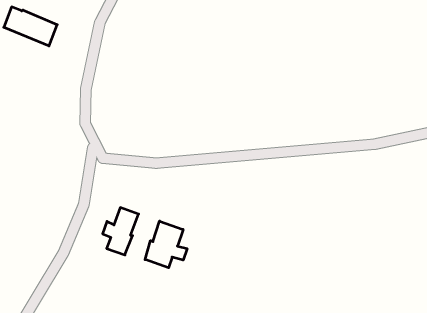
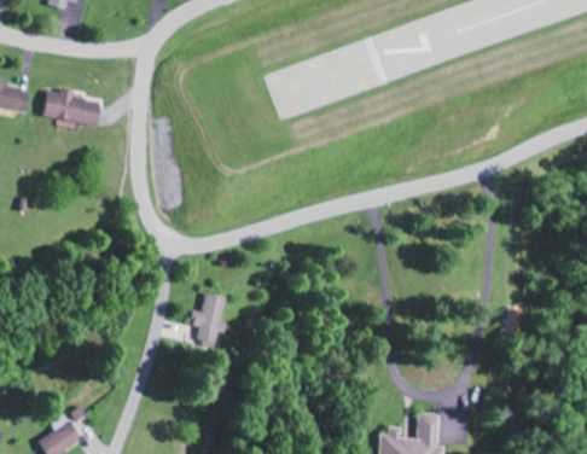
building: [145,221,187,268] -> none

